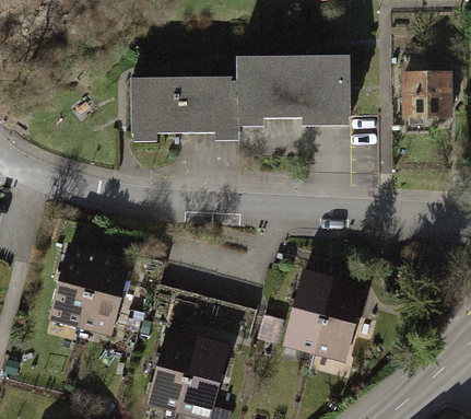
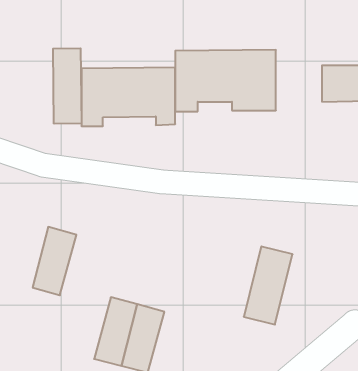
building: none -> [53,48,81,124]
building: [49,248,96,324] -> none
building: [282,270,334,357] -> none

